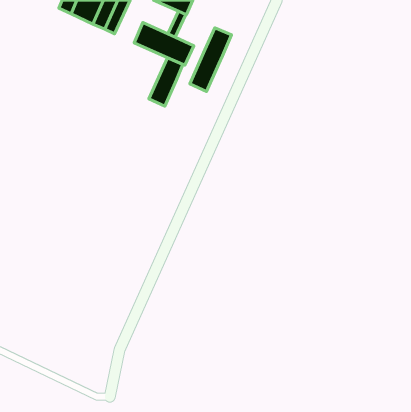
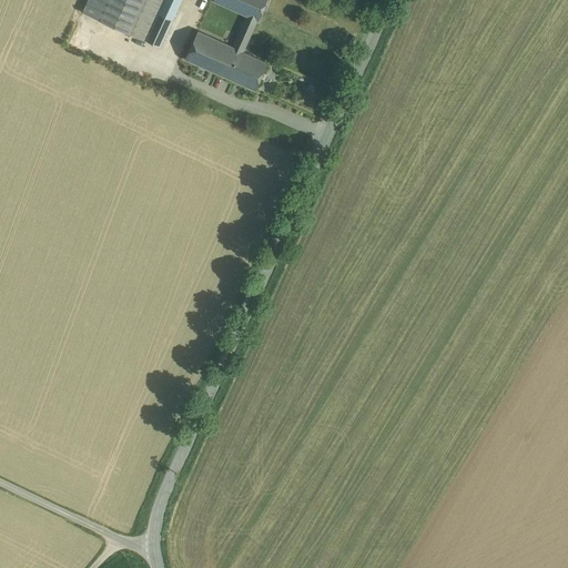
building: [190,28,231,92] -> none
building: [149,58,183,106] -> none

